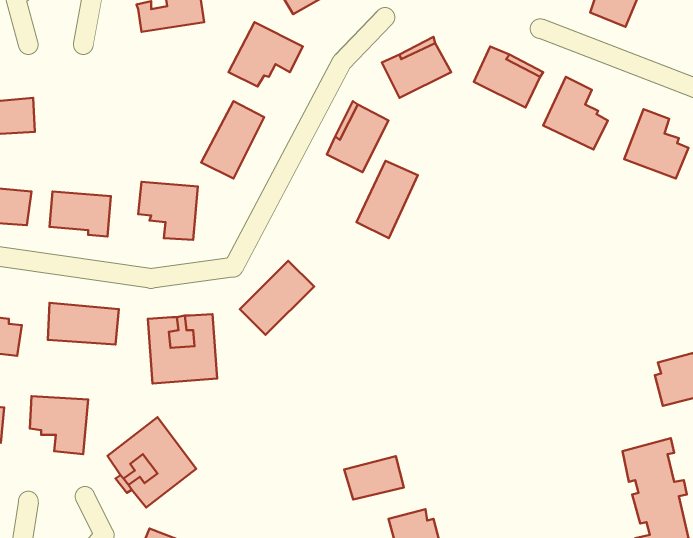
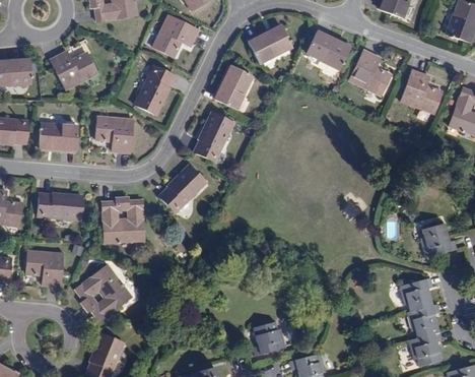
building: none -> [50,51,96,89]
building: [356,161,418,238] -> [195,113,233,162]
building: [344,456,404,499] -> none

